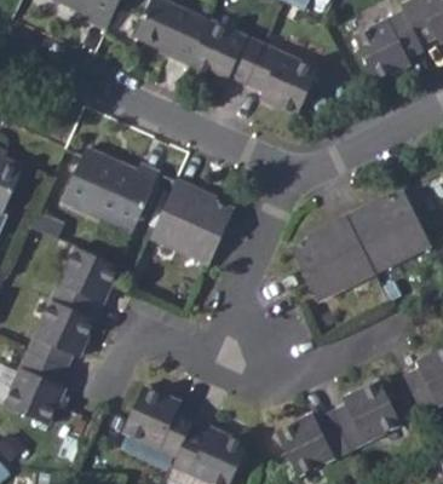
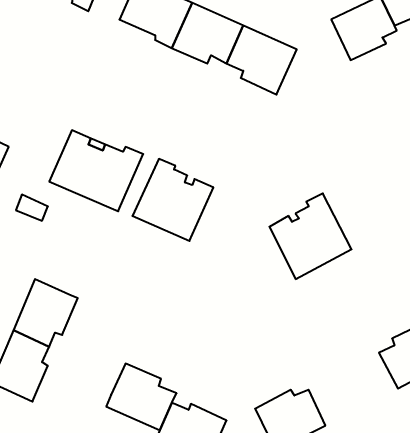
building: [344,189,427,271] -> none
building: [51,249,117,318] -> none
building: [329,381,398,450] -> none

